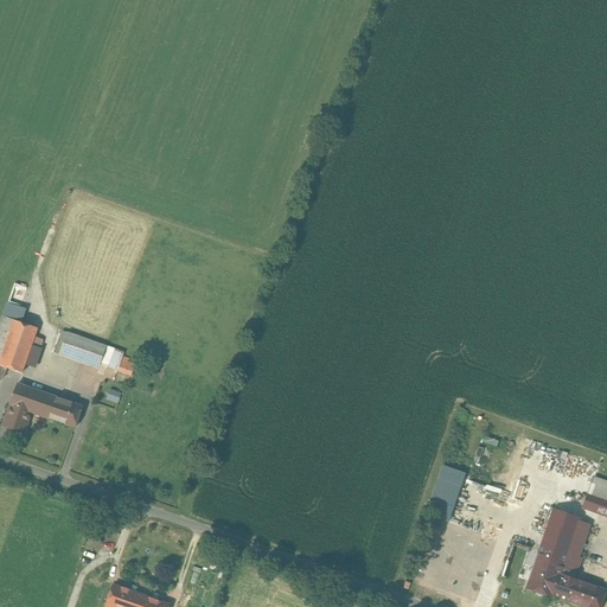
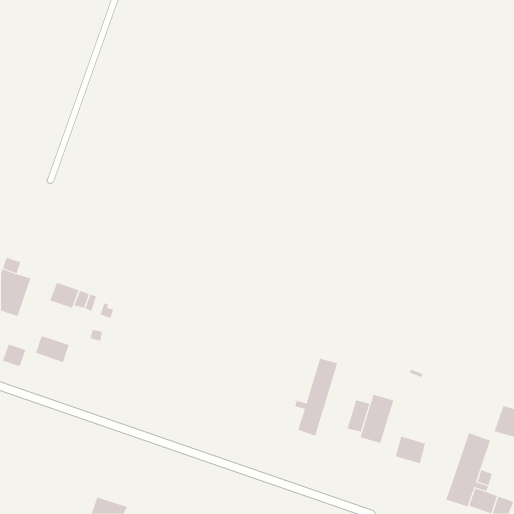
building: [11,383,50,415] -> none
building: none -> [294,358,338,437]
building: none -> [347,400,370,432]
building: none -> [395,436,426,464]

